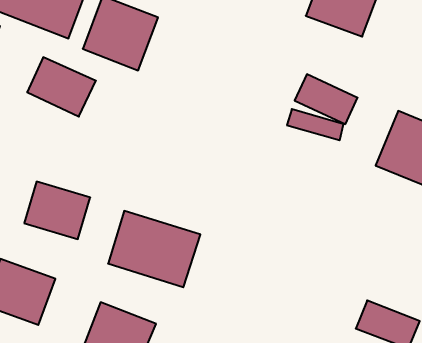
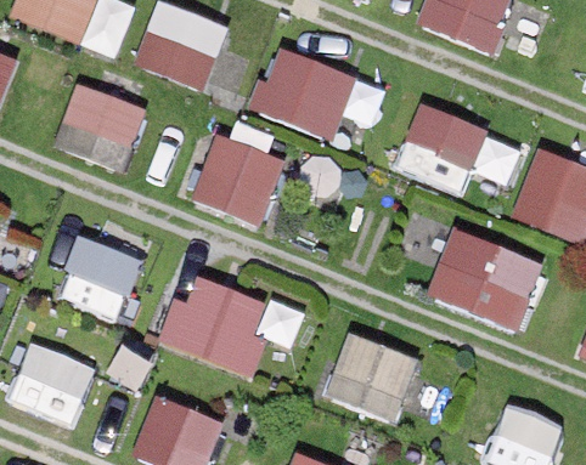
building: none -> [254,50,350,135]
building: none -> [192,134,287,228]
building: none -> [428,232,545,333]
building: none -> [326,334,419,423]

